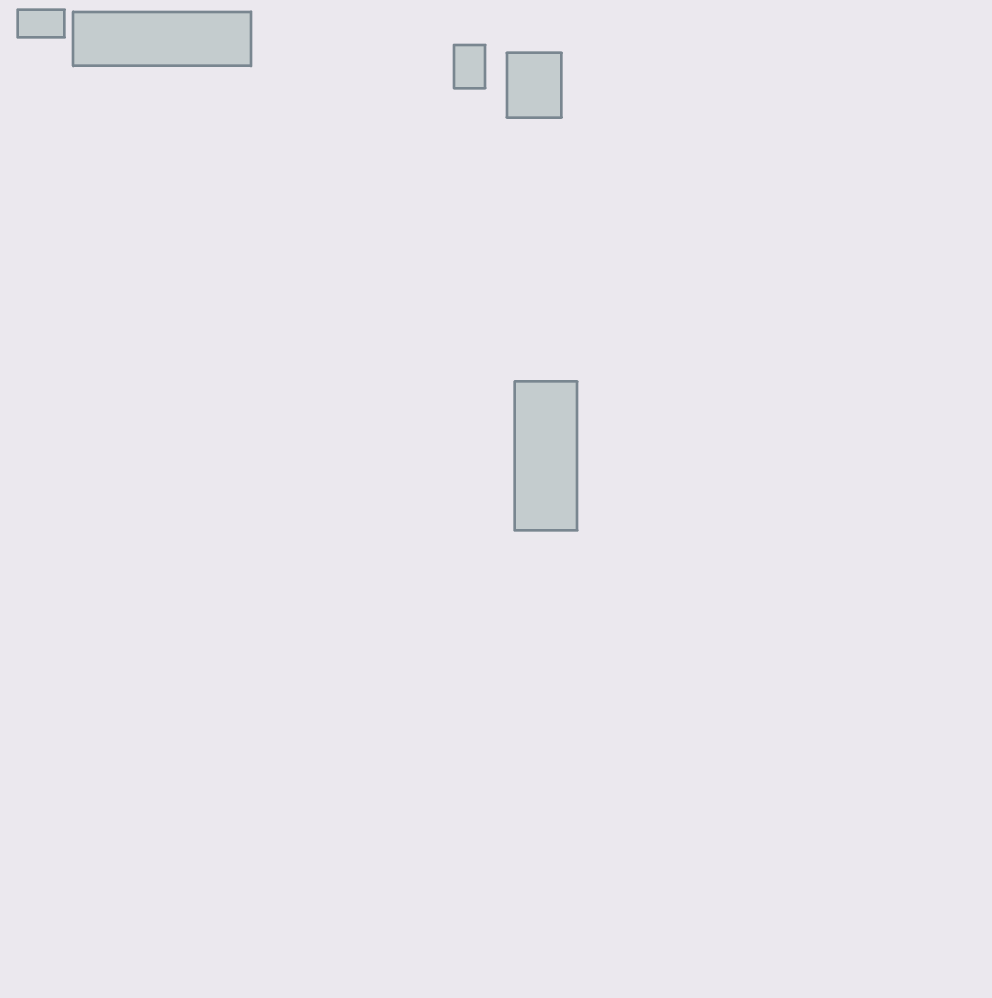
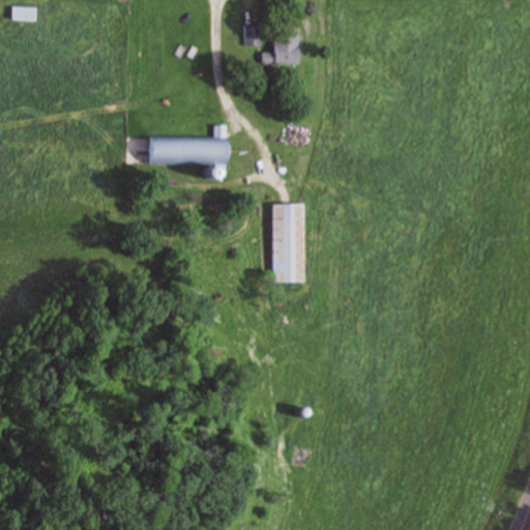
building: [73,12,251,66] -> none
building: none -> [145,125,233,165]

